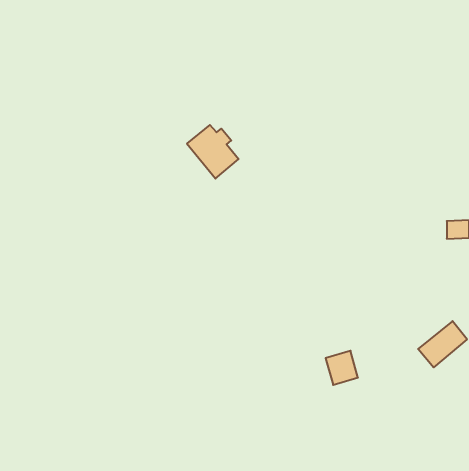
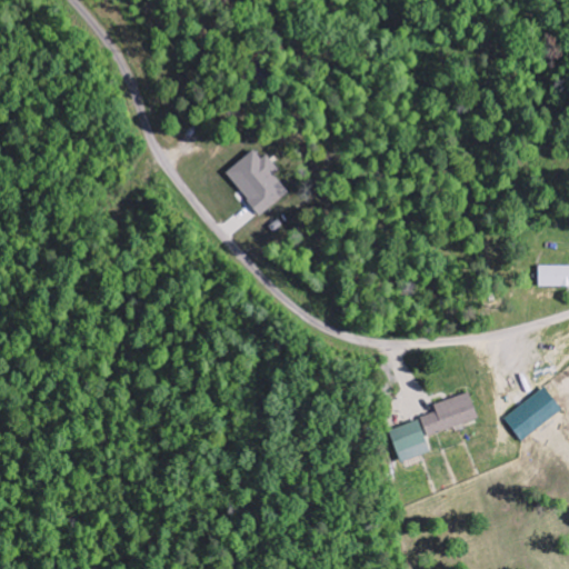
building: none -> [421,393,478,435]

